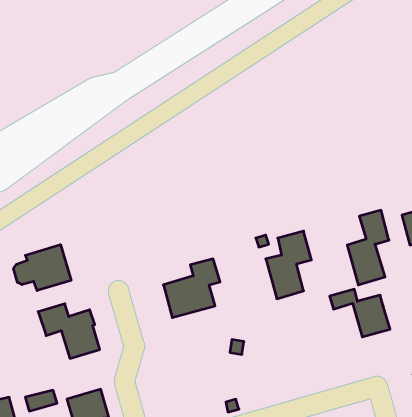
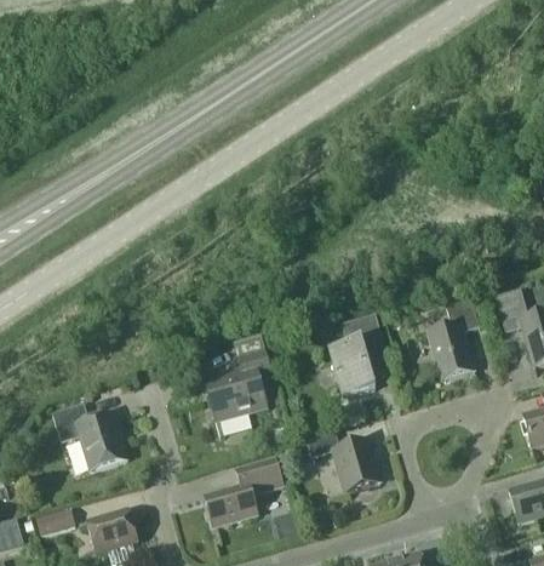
building: [14,245,71,291] -> none
building: [330,289,390,337] -> [305,434,379,492]
building: none -> [204,458,284,528]

